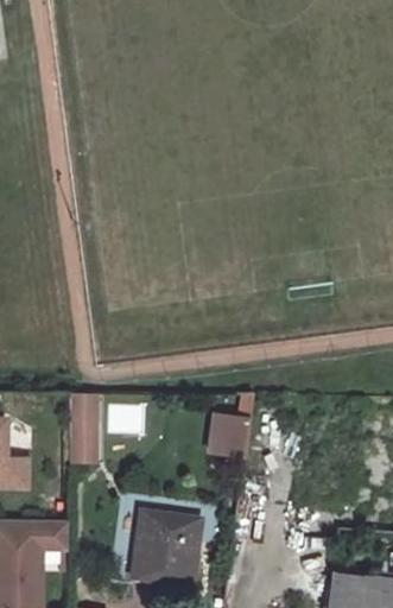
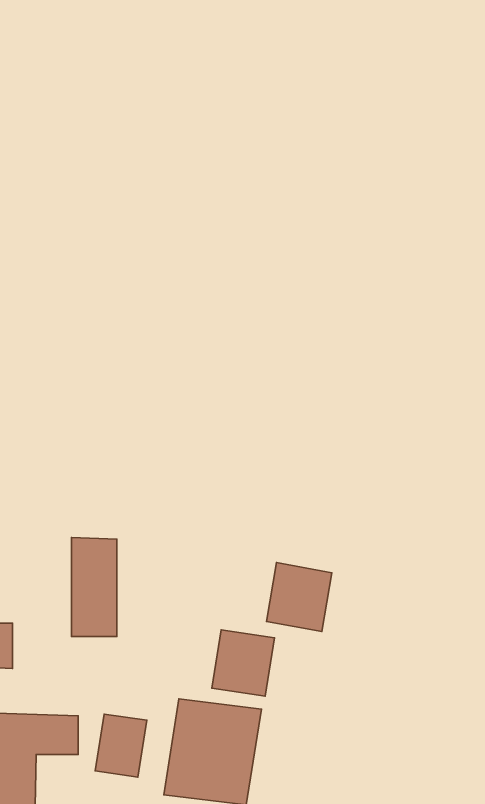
building: none -> [212,630,275,696]
building: none -> [95,714,147,777]

